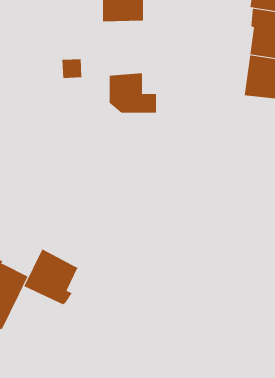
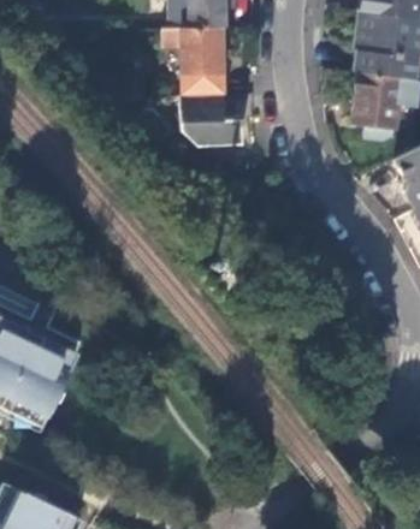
building: none -> [161,29,223,97]
building: [24,249,78,305] -> none

